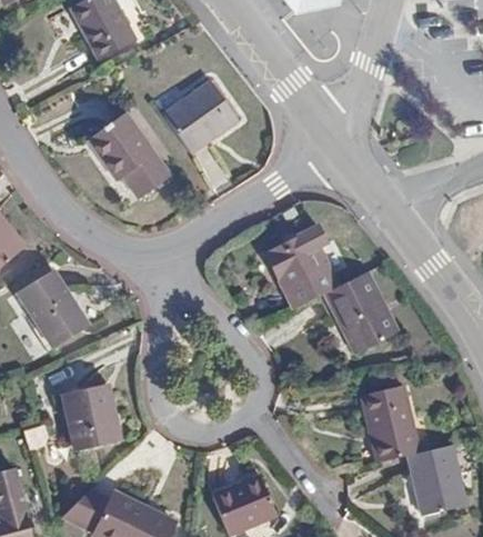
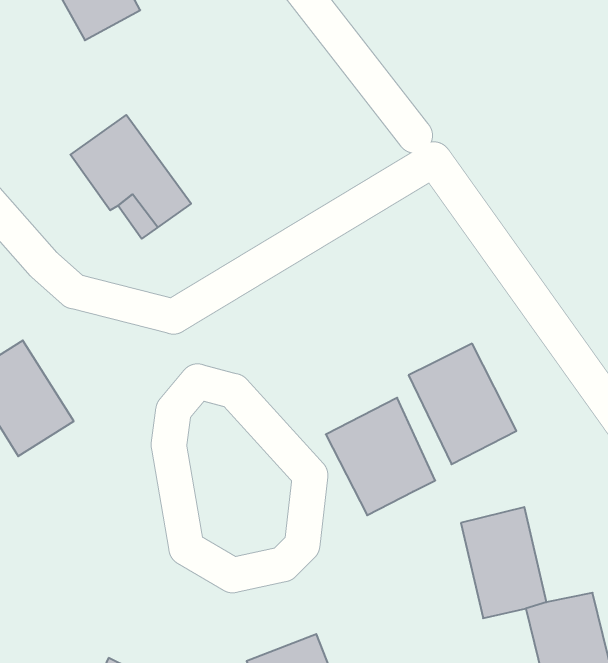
building: [163,78,240,152] -> none
building: [263,228,340,310] -> [326,398,435,515]
building: [62,385,122,451] -> none

